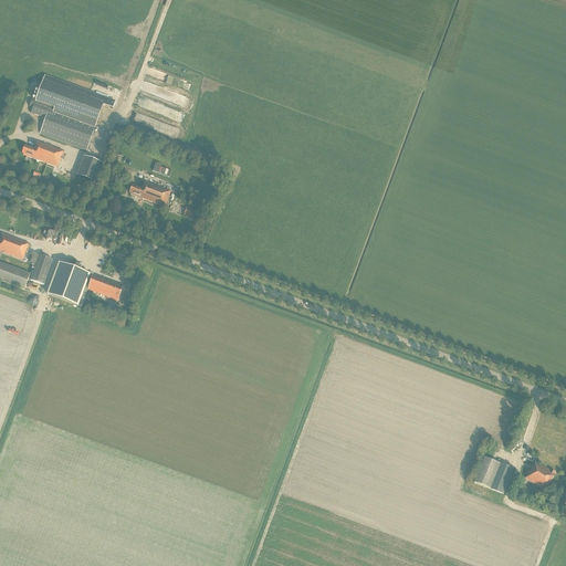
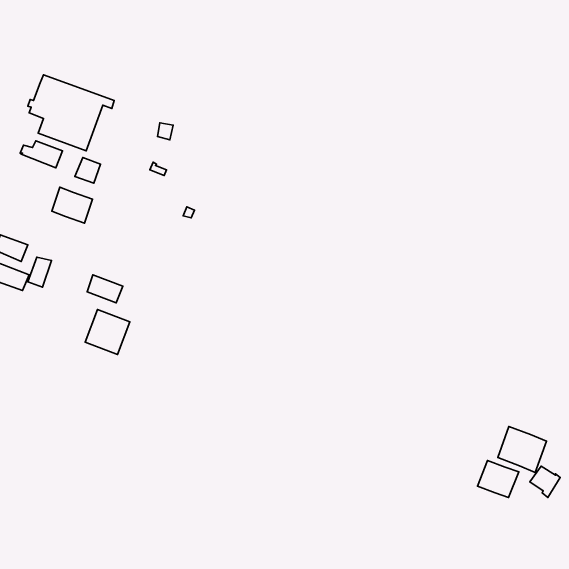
building: [127,179,169,206] -> none
building: none -> [52,187,92,223]
building: [44,261,88,305] -> [85,310,130,354]
building: none -> [498,427,546,472]

